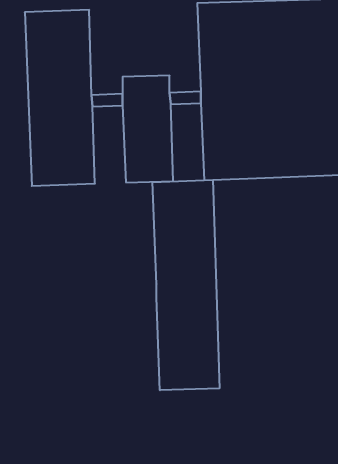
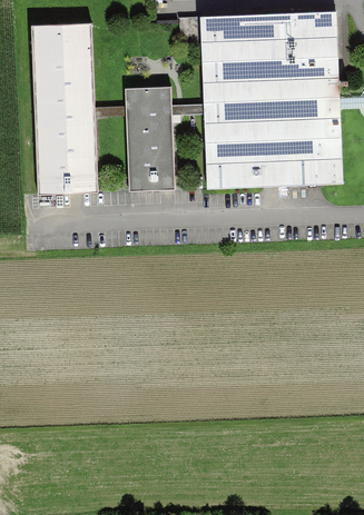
building: [152,180,219,390] -> none

